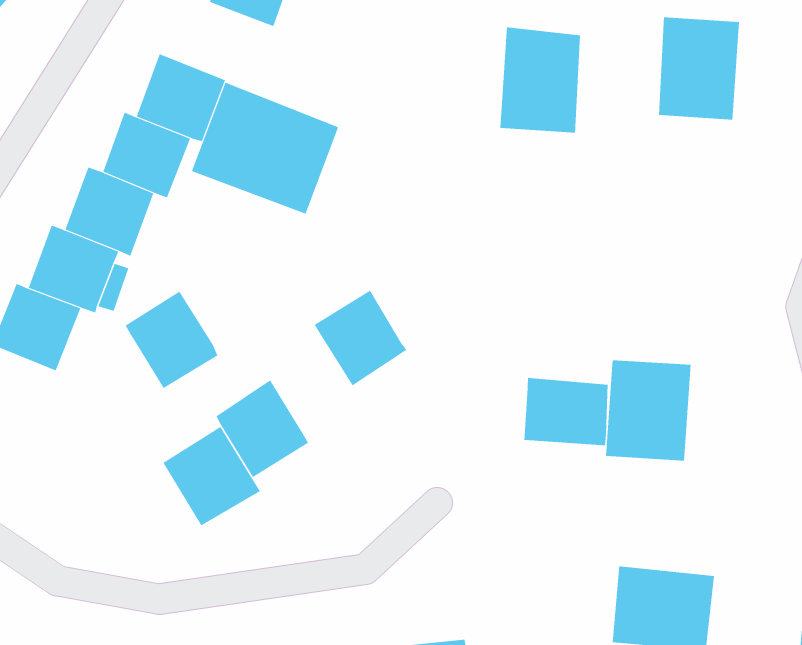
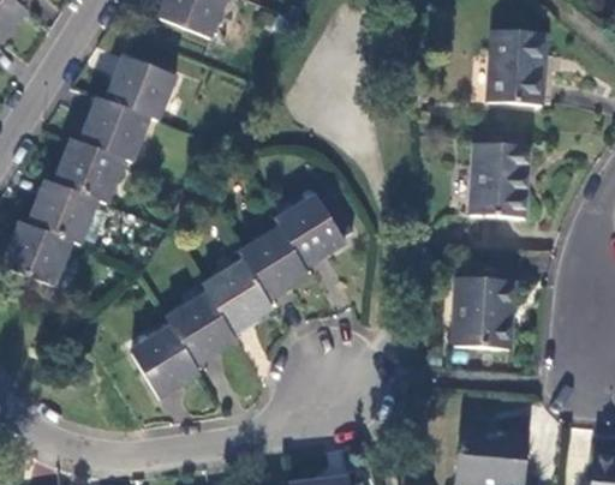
building: [499,27,581,133] -> [468,139,527,216]
building: [191,82,339,215] -> none
building: none -> [275,192,351,264]
building: [125,291,218,389] -> [203,257,270,328]
building: [524,377,608,446] -> none

